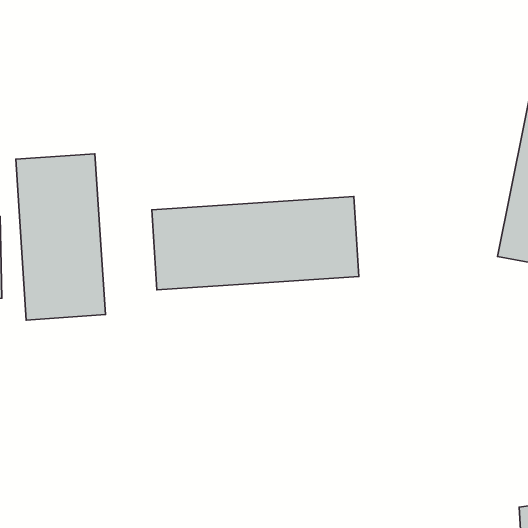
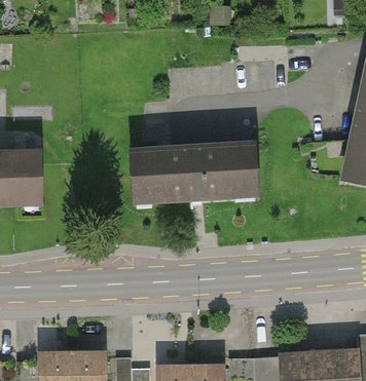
building: [16,154,105,320] -> none

